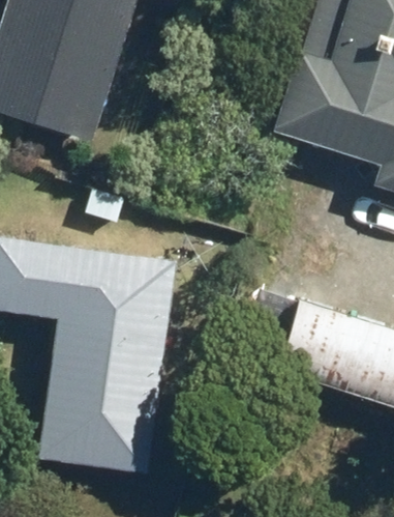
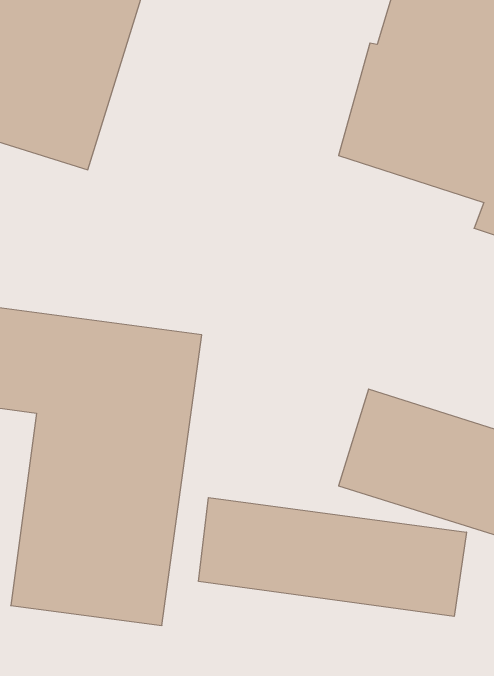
building: none -> [199,498,466,616]

